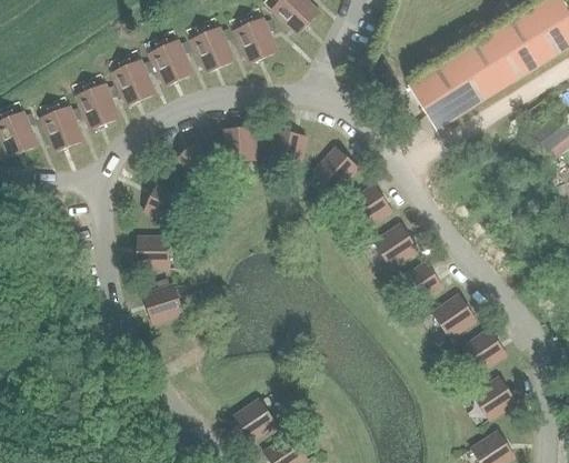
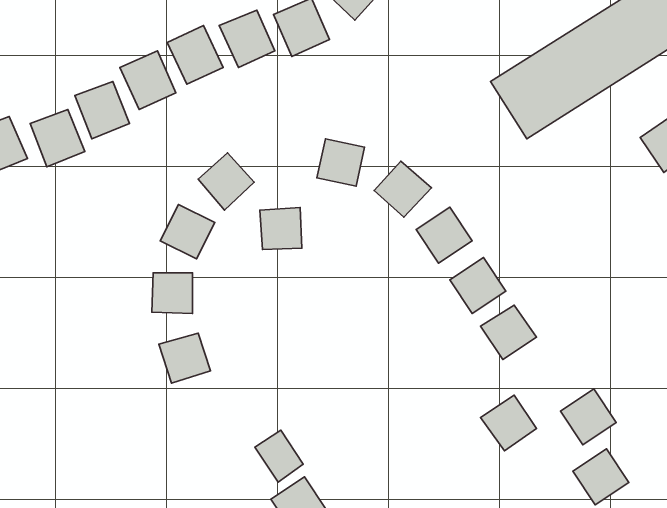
building: [222,127,256,160] -> [260,208,302,249]
building: [431,293,476,338] -> [481,395,537,451]
building: none -> [255,430,303,482]

